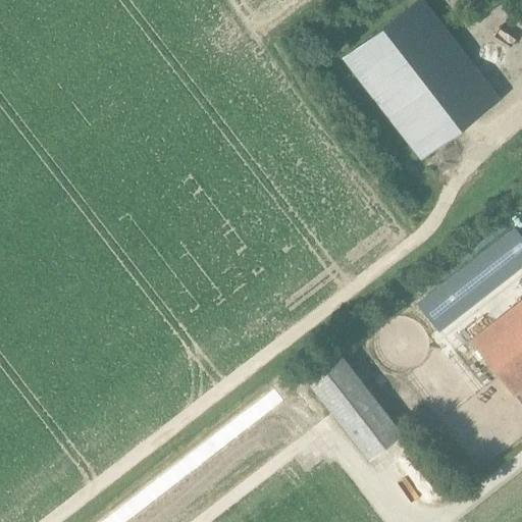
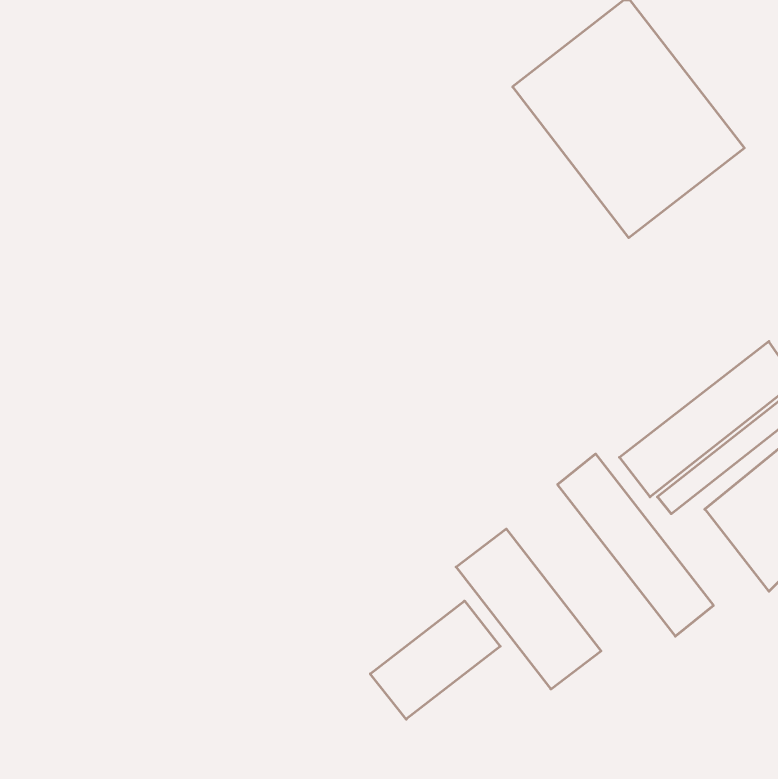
building: none -> [558,454,713,636]
building: none -> [370,601,500,719]

